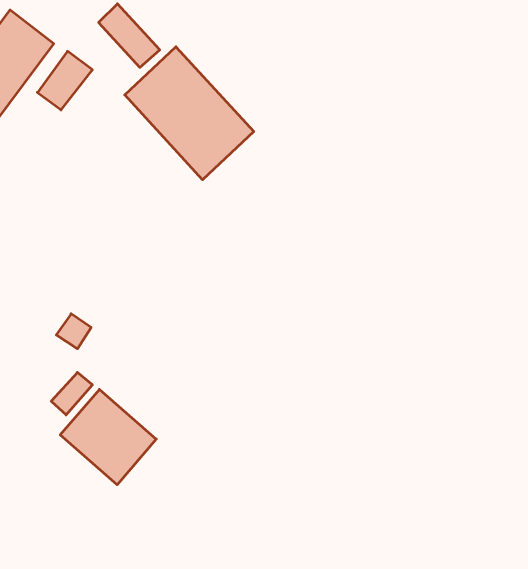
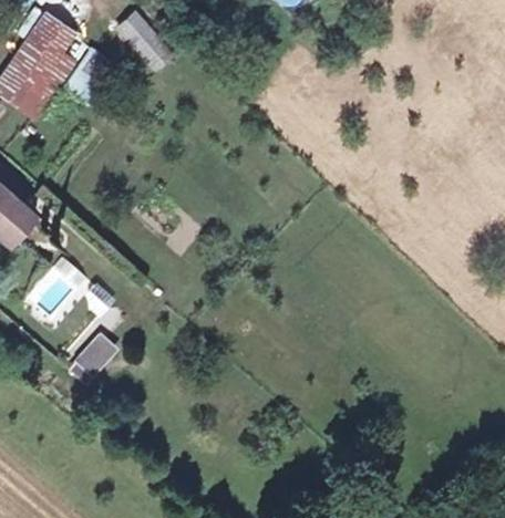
building: [125,47,254,180] -> none
building: [60,389,156,485] -> none

